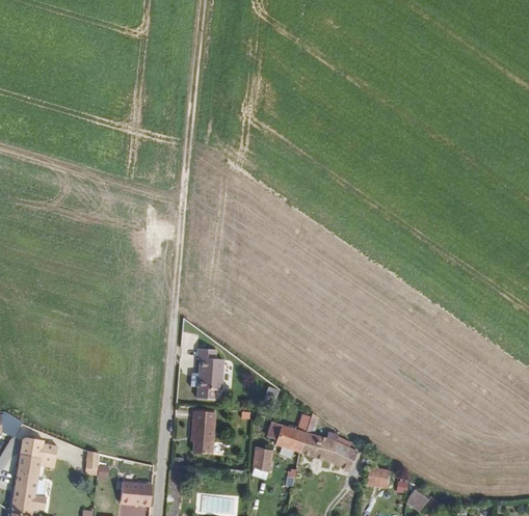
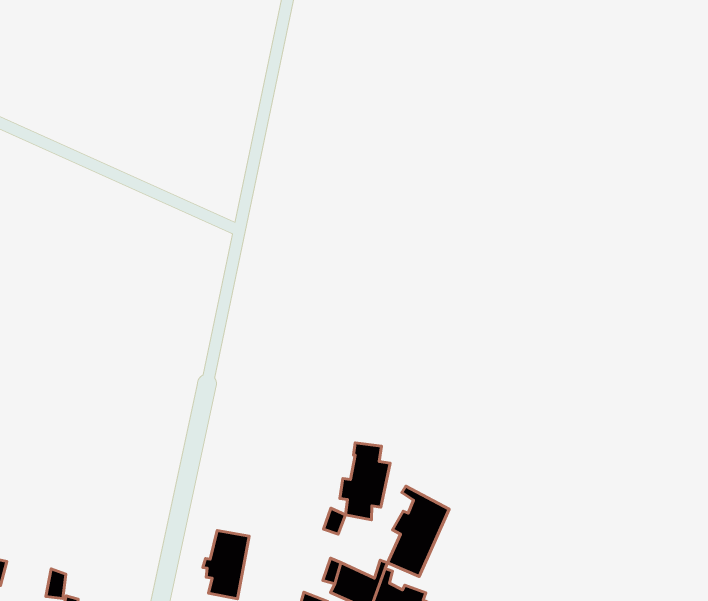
building: [193,351,223,401] -> [340,443,390,520]
building: none -> [388,486,449,576]

